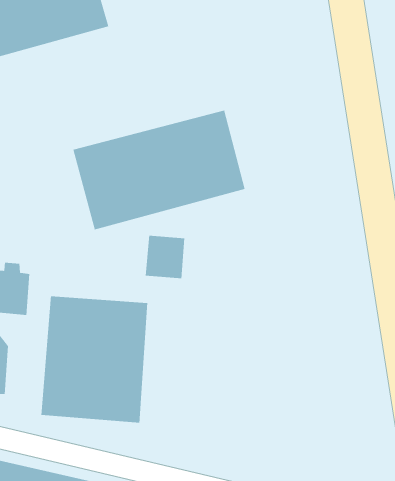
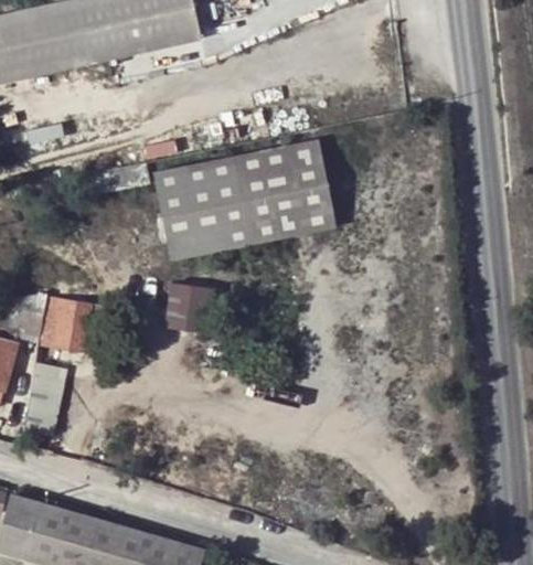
building: [145,235,185,279] -> [162,282,209,332]
building: [41,295,148,423] -> none

